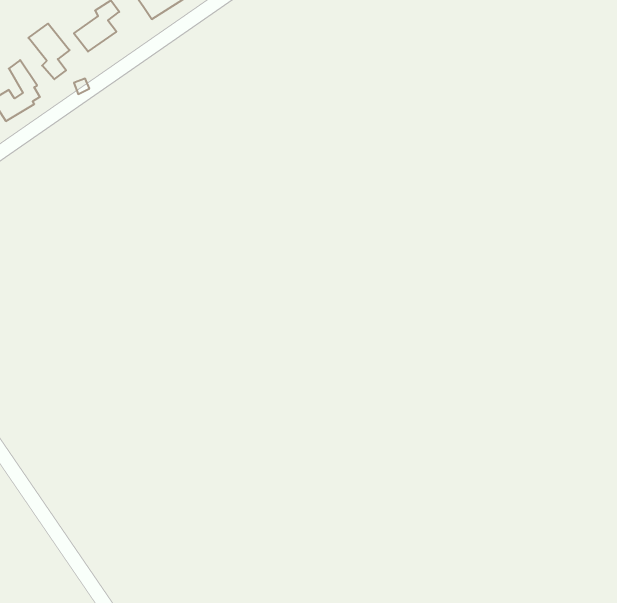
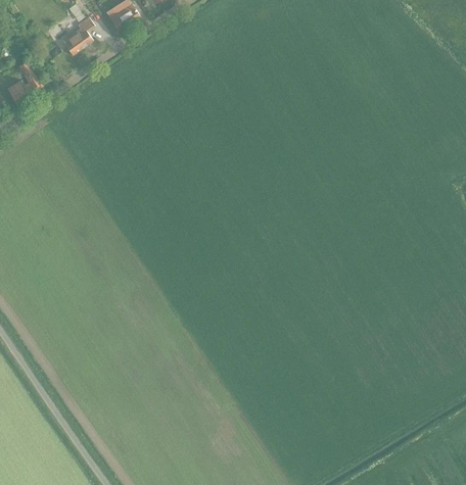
building: [28,24,70,79] -> none

